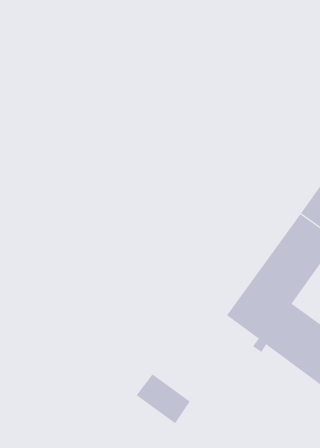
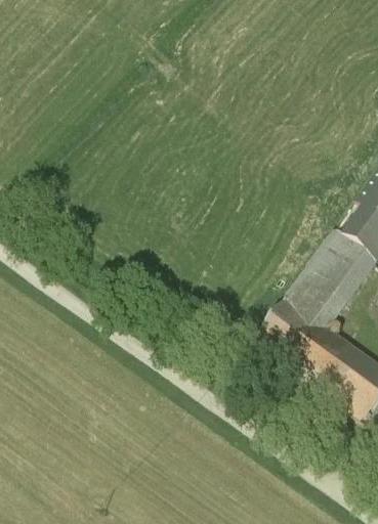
building: [136,373,191,424] -> none

